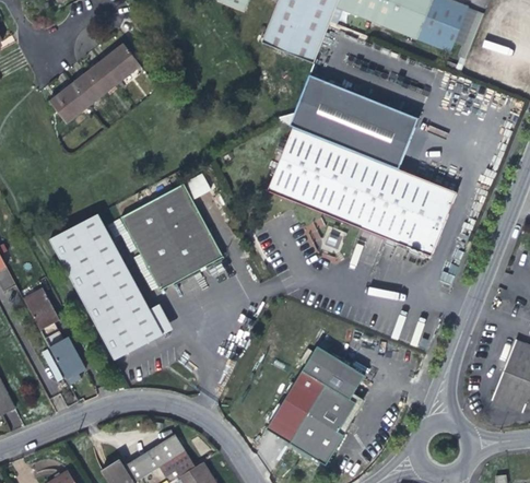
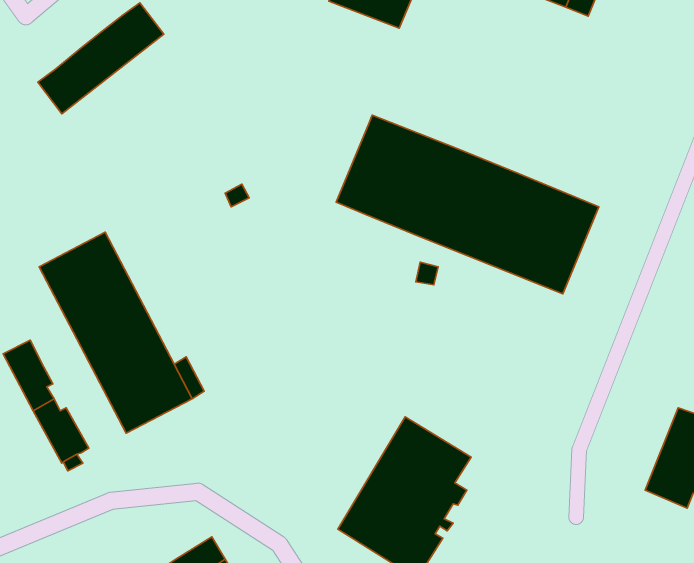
building: [290,73,419,168] -> none
building: [119,184,221,290] -> none

